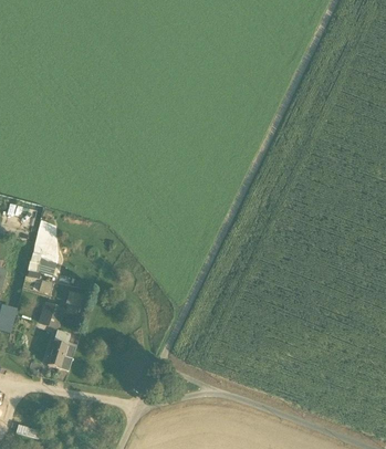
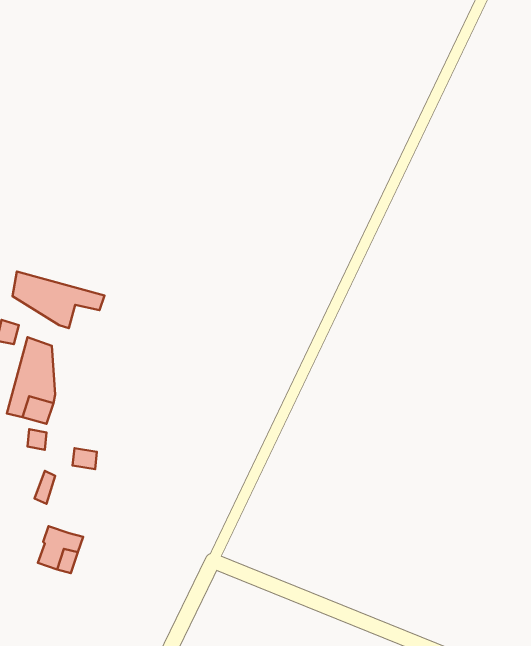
building: none -> [12,272,105,328]

